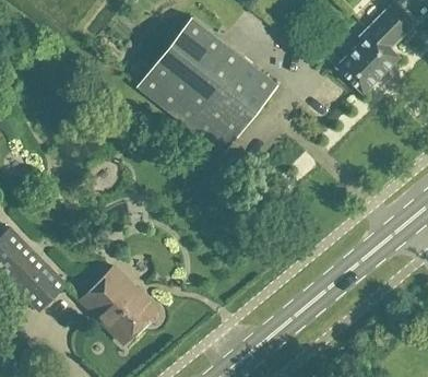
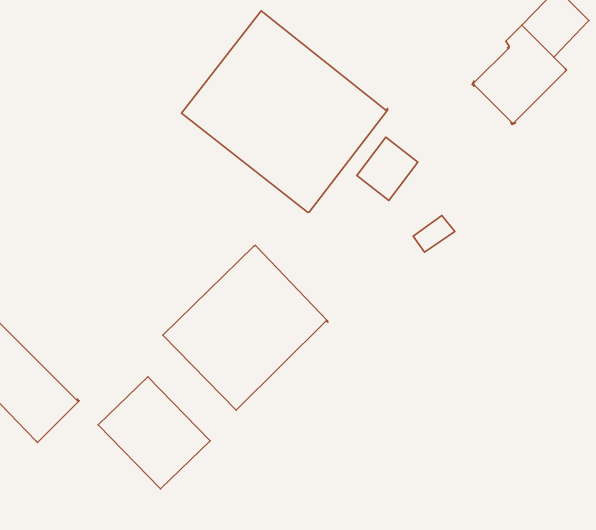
building: none -> [357,137,418,201]
building: none -> [163,246,328,410]

